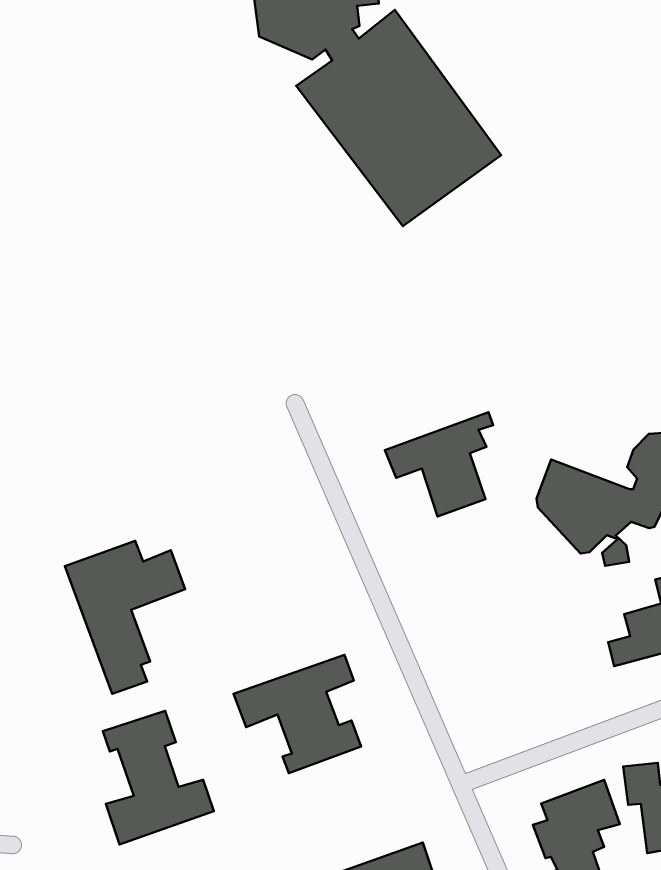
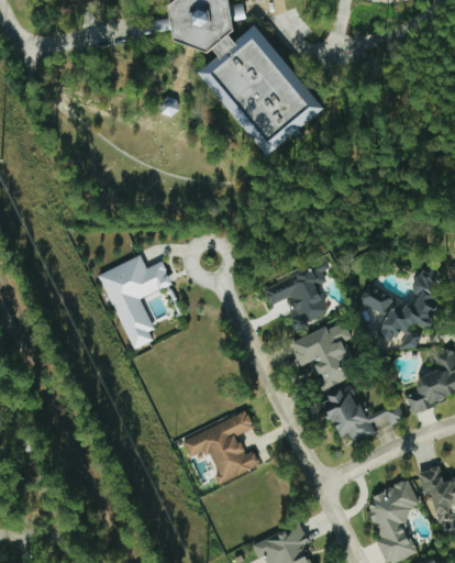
building: none -> [290,320,356,390]
building: [65,541,185,694] -> [98,256,171,350]
building: none -> [322,387,404,443]
building: [103,711,214,844] -> none

